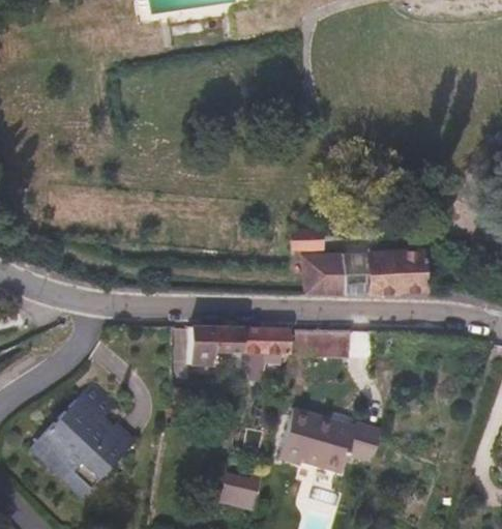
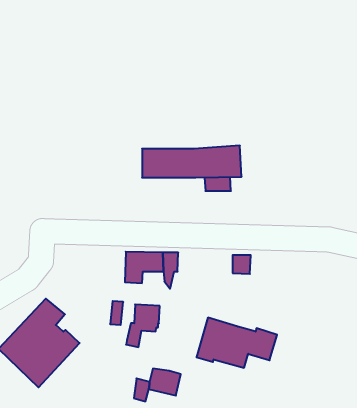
building: [302,254,427,294] -> [142,146,242,178]
building: [245,327,288,381] -> [126,304,160,347]
building: [291,329,325,358] -> none

